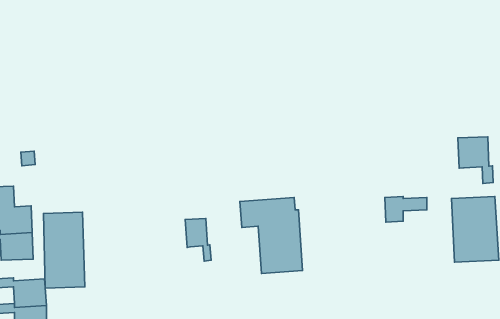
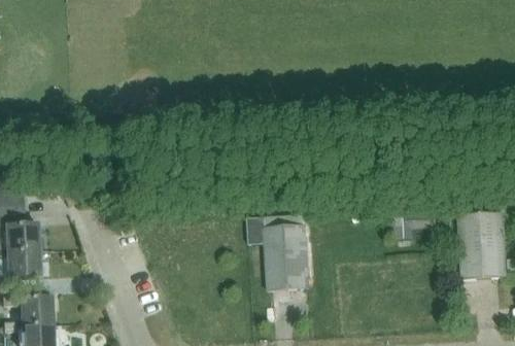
building: [458,137,493,183] -> none
building: [44,212,85,288] -> none
building: [185,218,211,261] -> none

